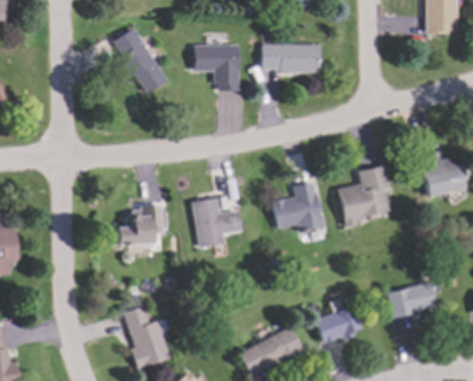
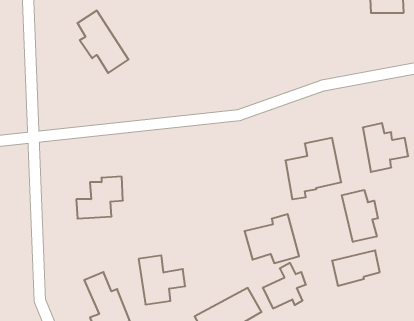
building: [262,41,323,73] -> none
building: [193,43,245,94] -> none
building: [267,181,324,233] -> [244,214,299,263]
building: [192,197,241,249] -> [139,255,185,304]
building: none -> [342,190,378,242]

